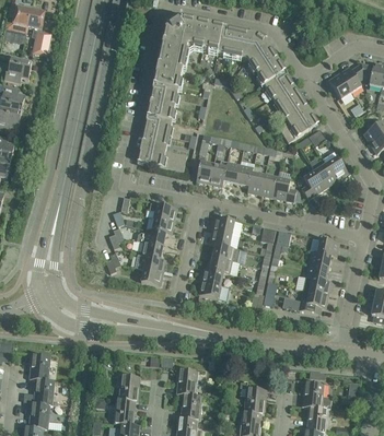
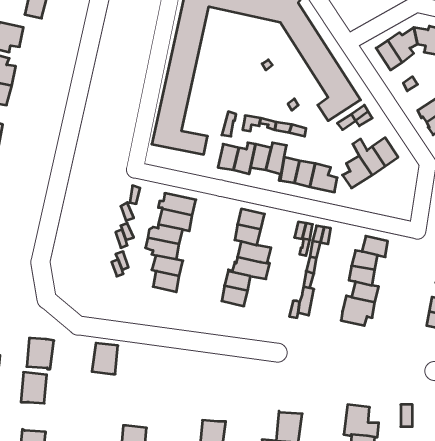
building: [175,368,197,394] -> none
building: [117,374,139,400] -> [92,343,118,374]
building: [32,378,55,404] -> [27,338,54,369]

